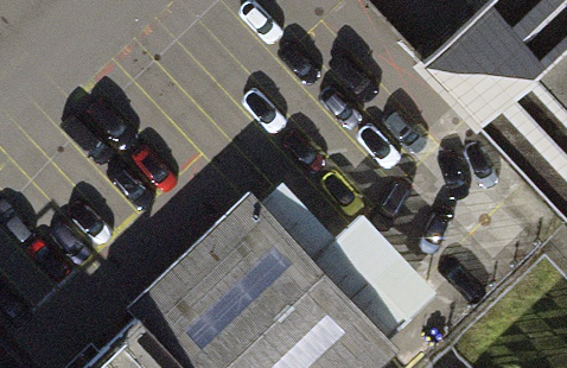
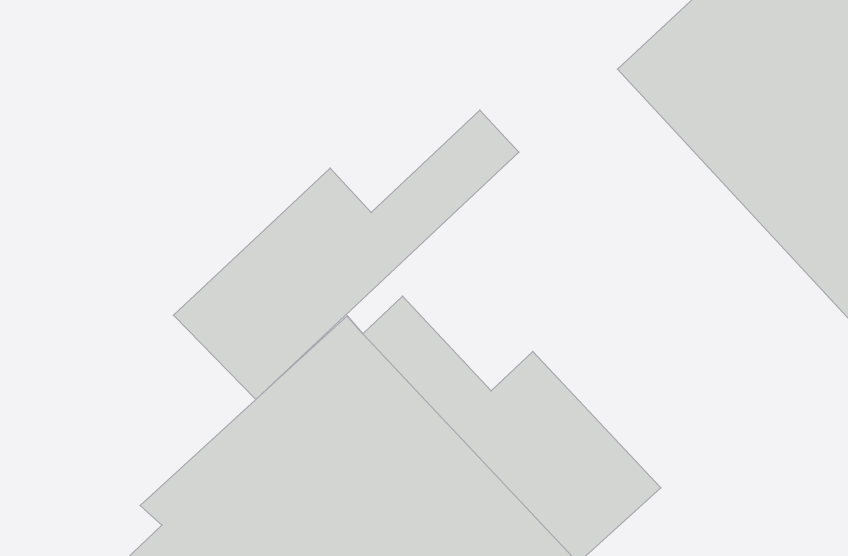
building: none -> [173,110,519,399]

